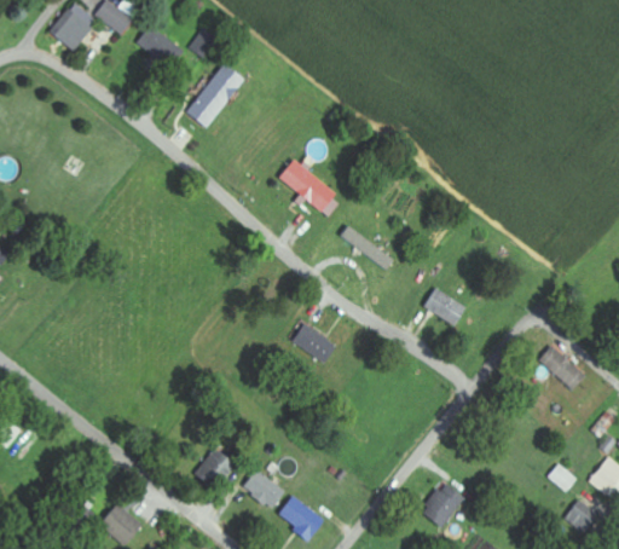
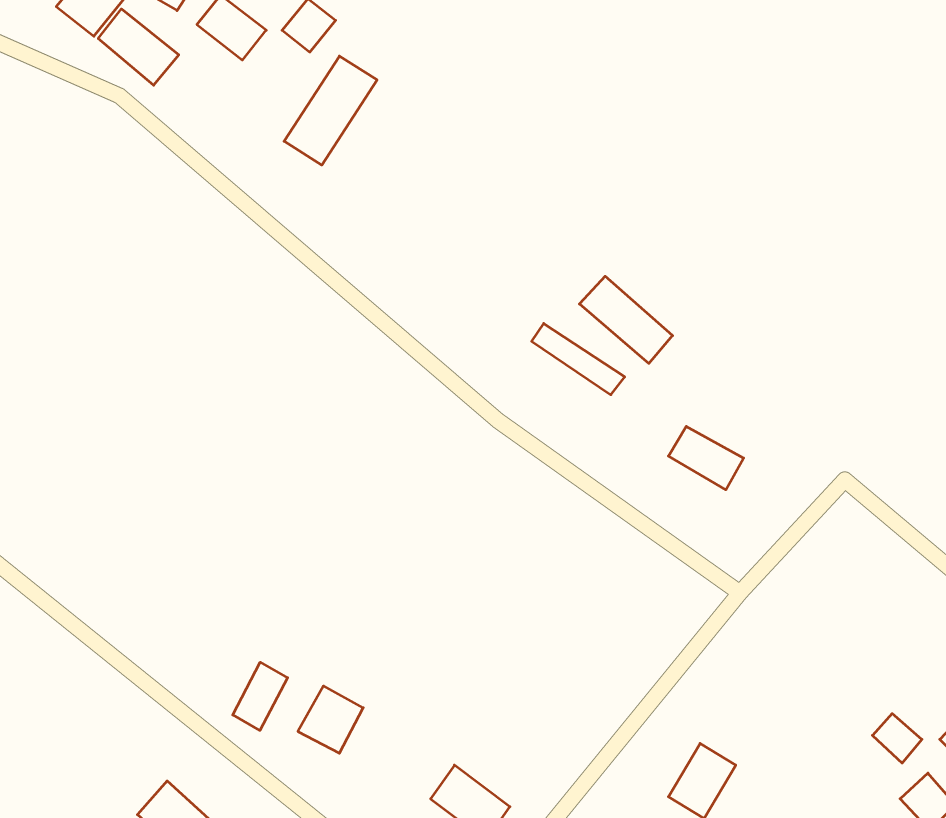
building: none -> [98,9,179,85]
building: [279,158,336,212] -> [579,276,673,363]
building: [291,323,336,364] -> none
building: [538,346,585,391] -> none
building: none -> [233,662,288,730]
building: [242,470,285,509] -> none

